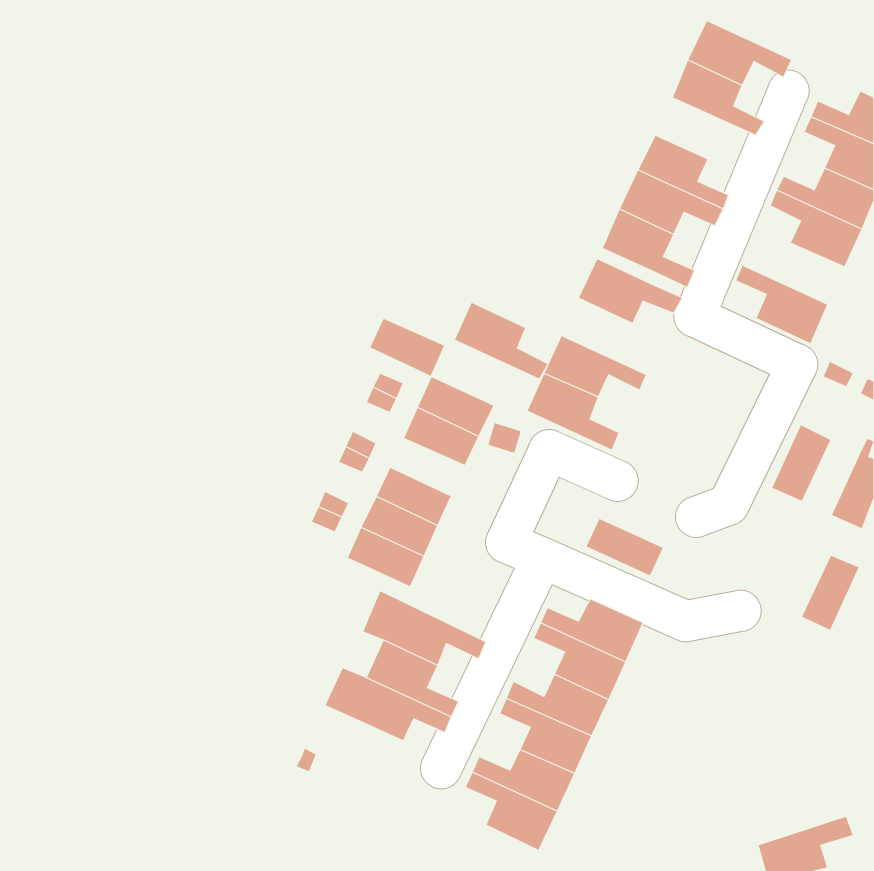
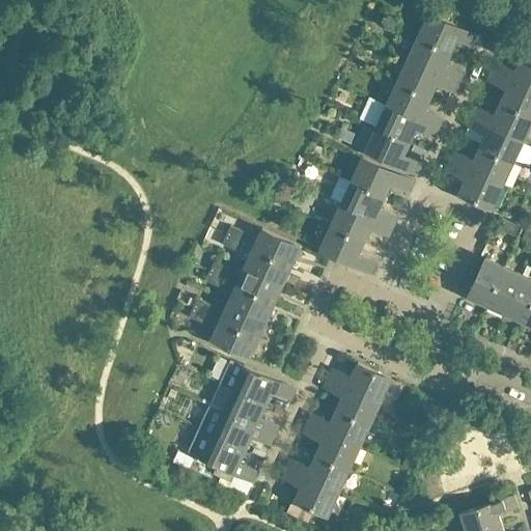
building: none -> [397,61,458,99]
building: none -> [450,149,512,187]
building: [454,302,548,379] -> [340,183,397,229]
building: [369,318,445,376] -> [236,268,282,303]
building: [586,518,664,576] -> none
building: [801,555,859,630] -> [486,269,522,314]
building: none -> [187,429,257,482]

